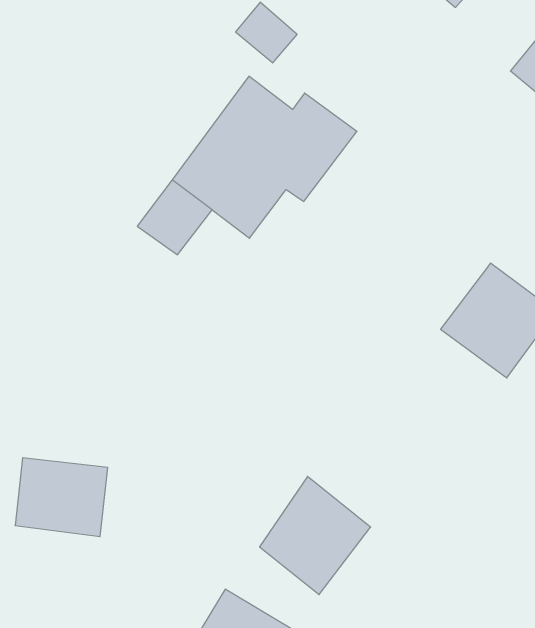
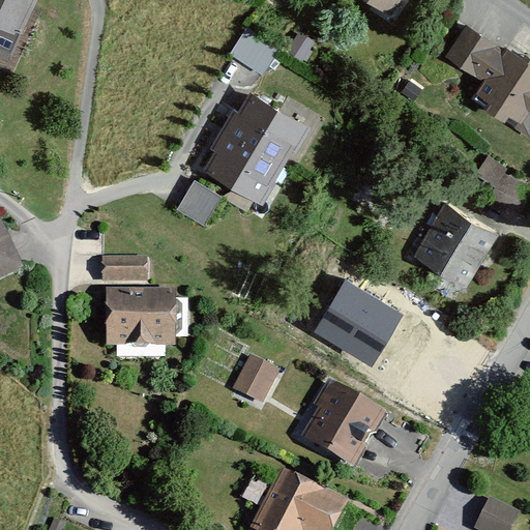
building: none -> [101,257,145,283]
building: none -> [317,281,400,362]
building: none -> [232,361,275,405]
building: [15,458,108,537] -> [104,293,170,346]

